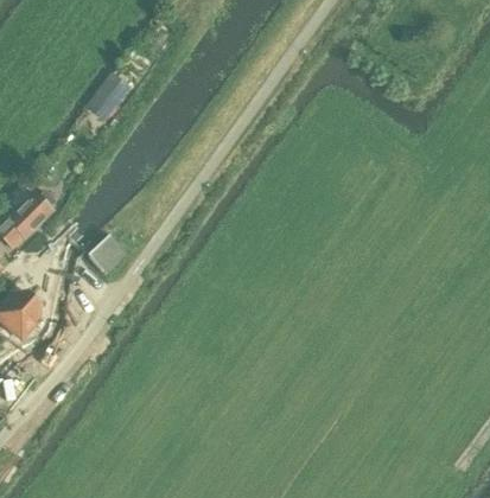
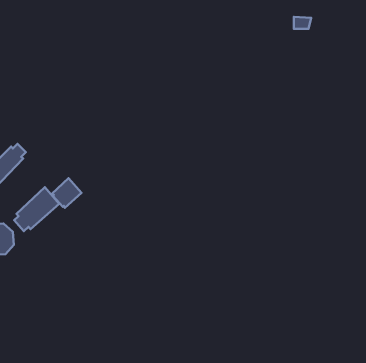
building: [88,74,129,120] -> none
building: none -> [14,187,59,231]

